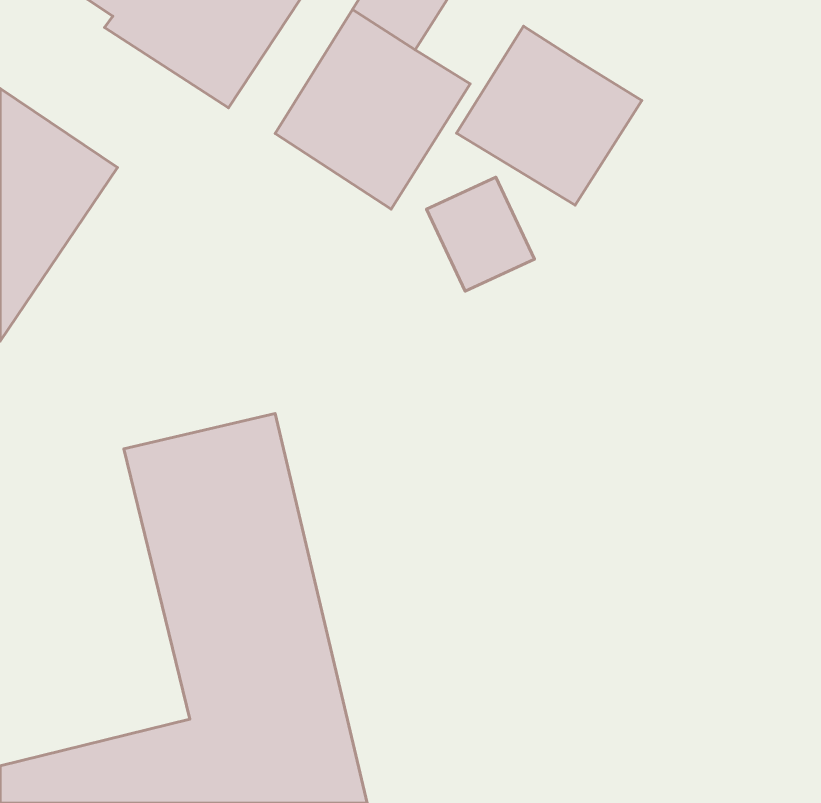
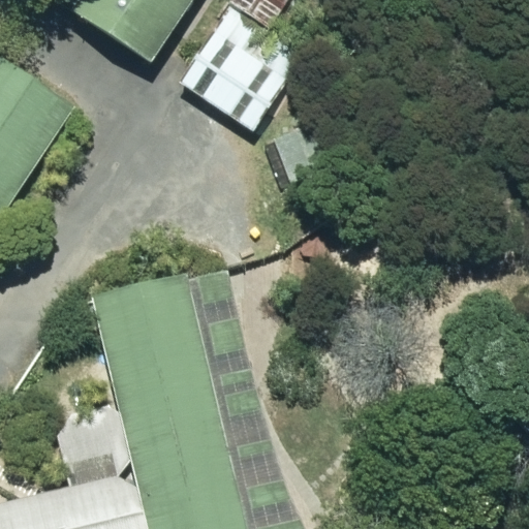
building: [456,26,642,205] -> none

